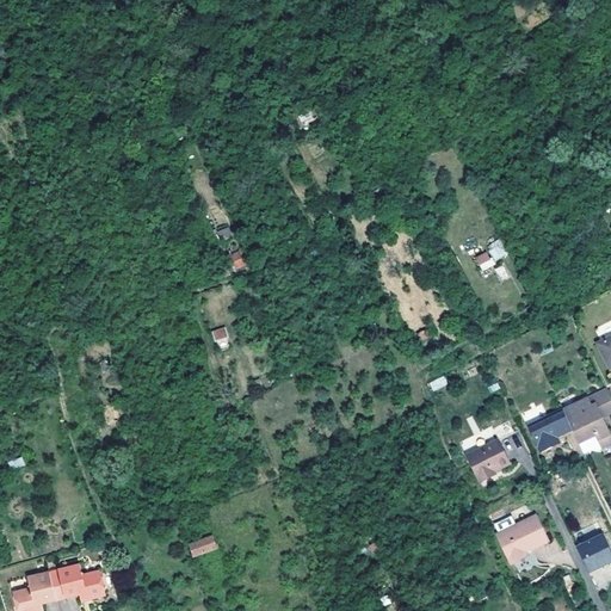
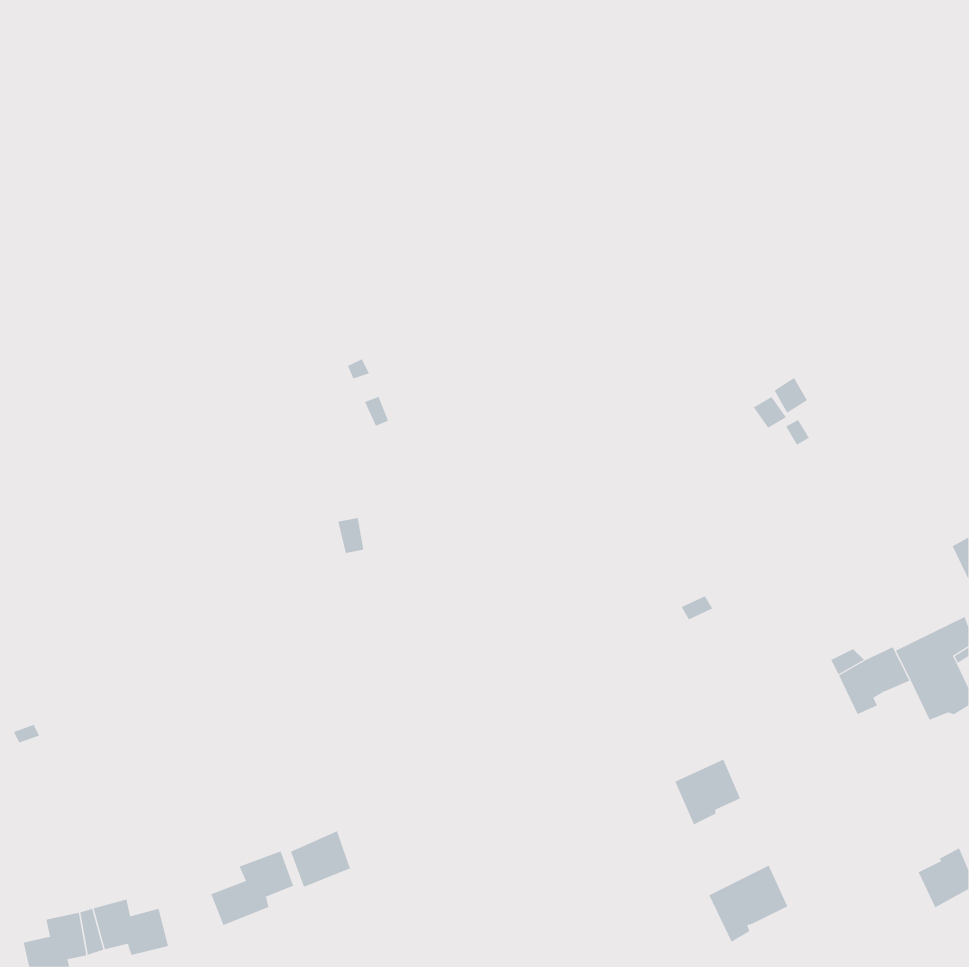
building: [468,439,510,481] -> [675,759,741,825]
building: [498,516,548,564] -> [708,865,788,943]
building: none -> [210,850,294,926]

